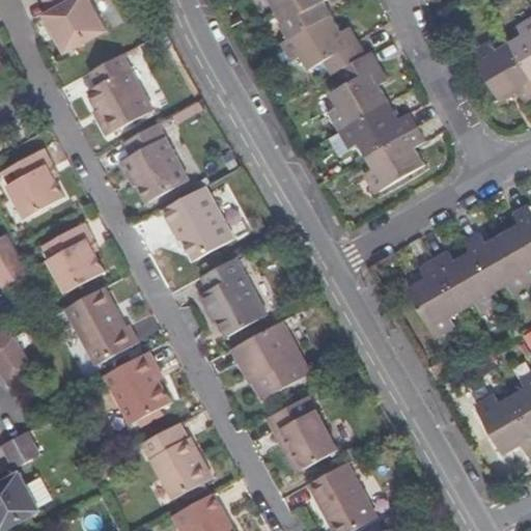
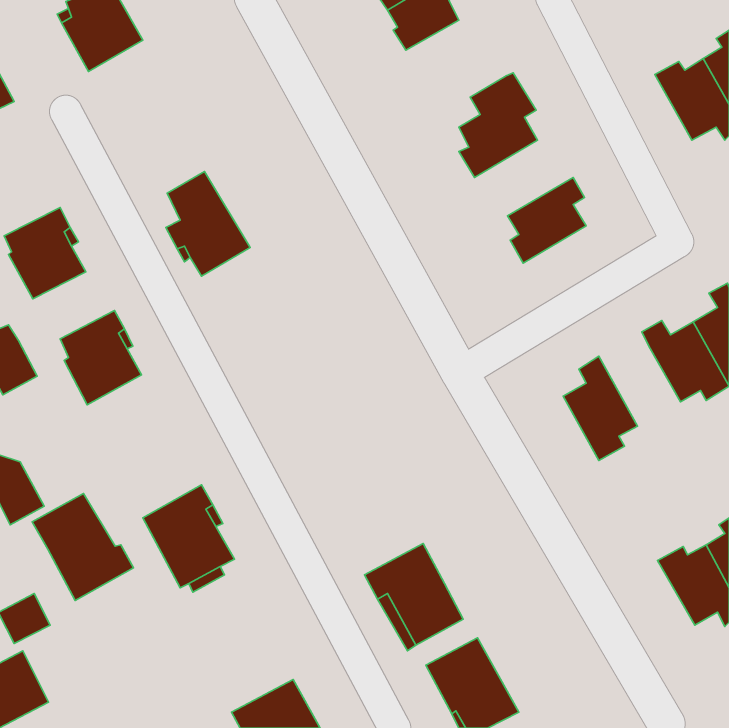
building: [287,15,367,74] -> none
building: [86,53,148,134] -> none
building: [344,102,416,157] -> none
building: [160,184,233,259] -> none
building: [435,251,498,309] -> none
building: [198,255,266,333] -> none
building: [66,284,140,362] -> [32,493,134,601]
building: [230,320,309,399] -> none
building: [142,424,211,499] -> none

